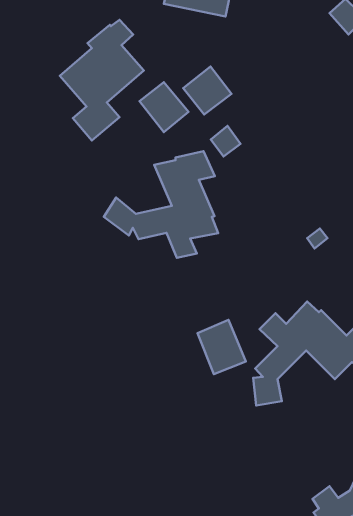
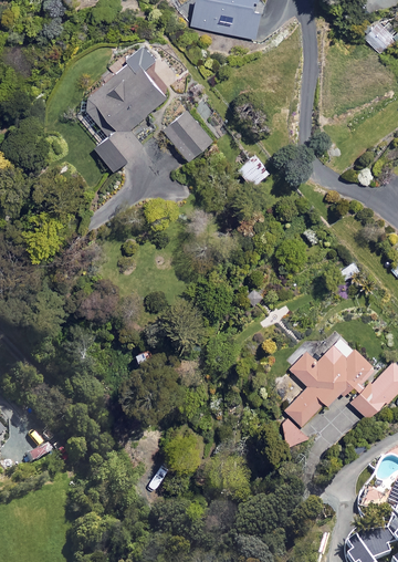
building: [183,66,232,114] -> none
building: [104,151,218,258] -> none
building: [197,320,246,374] -> none

